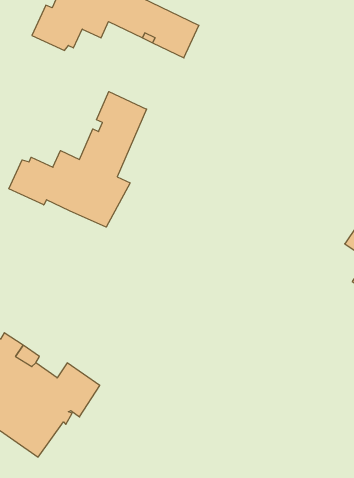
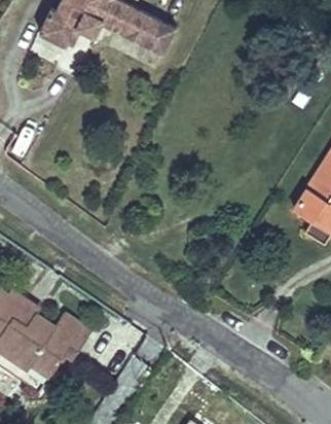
building: [9,92,147,227] -> none

